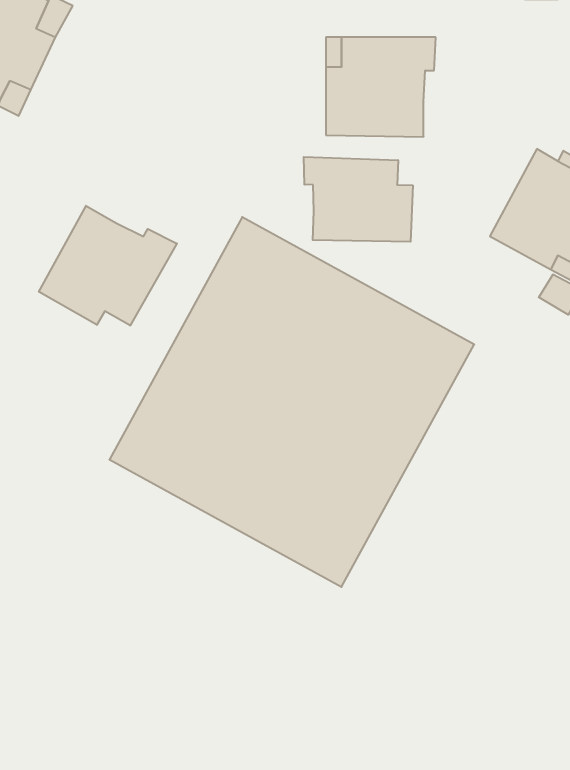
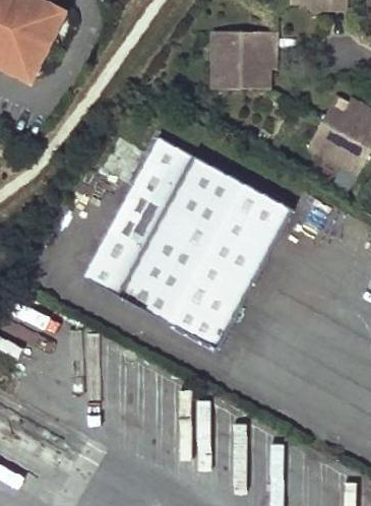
building: [304,157,413,242] -> none
building: [39,206,177,326] -> none

